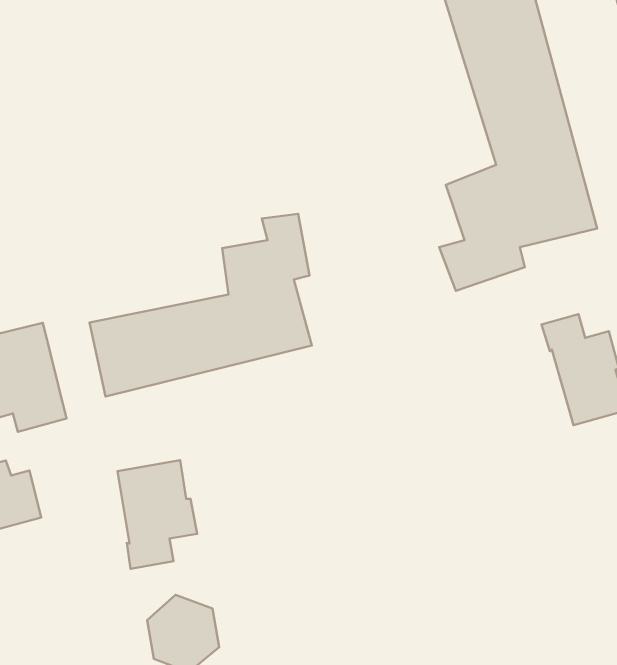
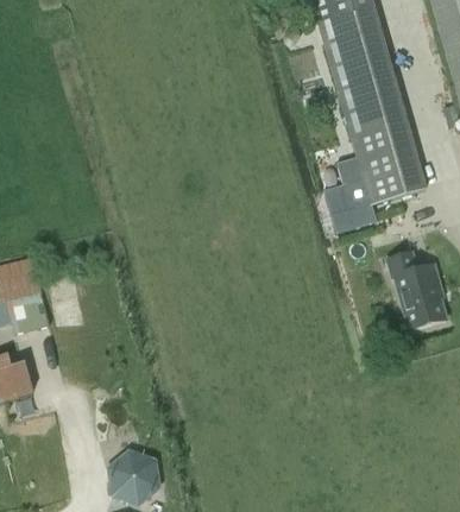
building: [90,214,312,396] -> none
building: [117,460,197,569] -> none

